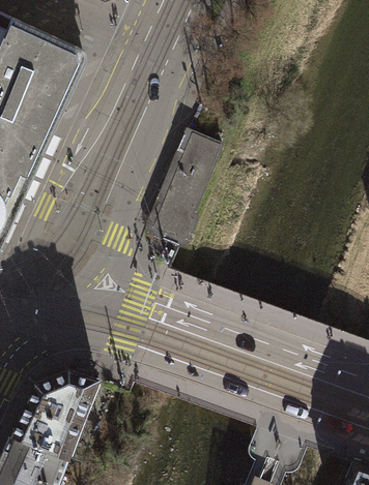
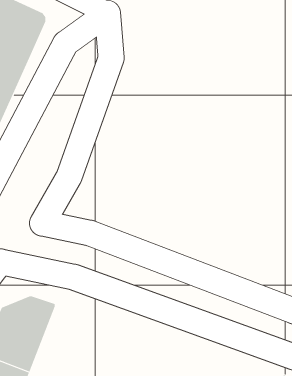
building: [148,137,216,244] -> none

